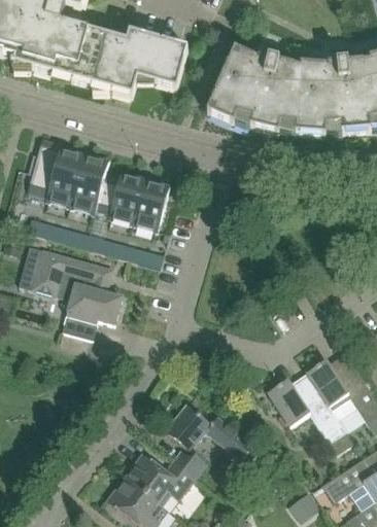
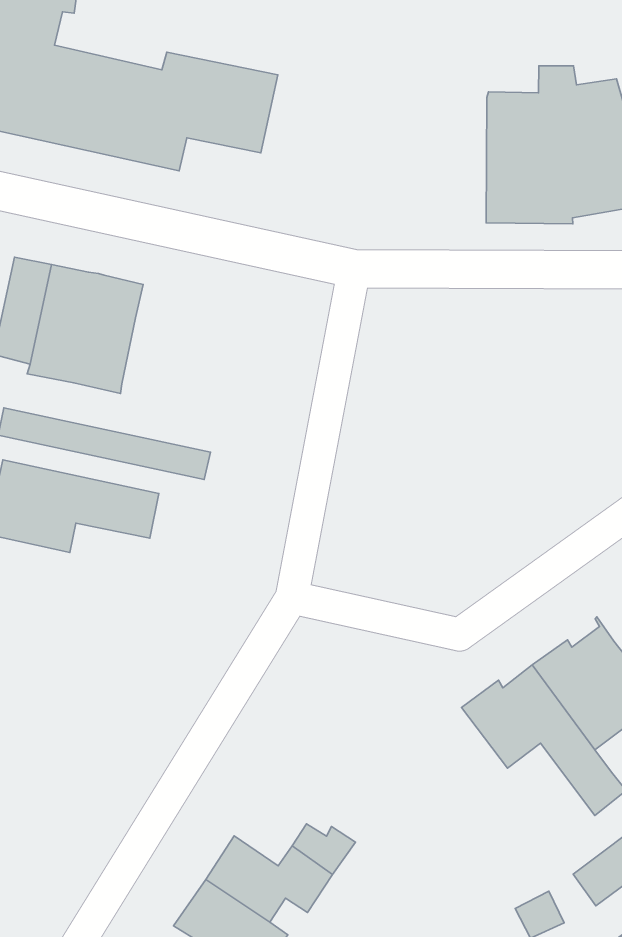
building: [207,45,300,137] -> none
building: [96,172,170,232] -> none
building: [62,282,123,339] -> none
building: [166,405,259,462] -> none

